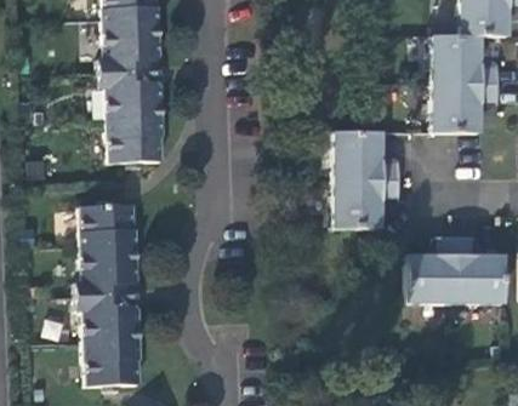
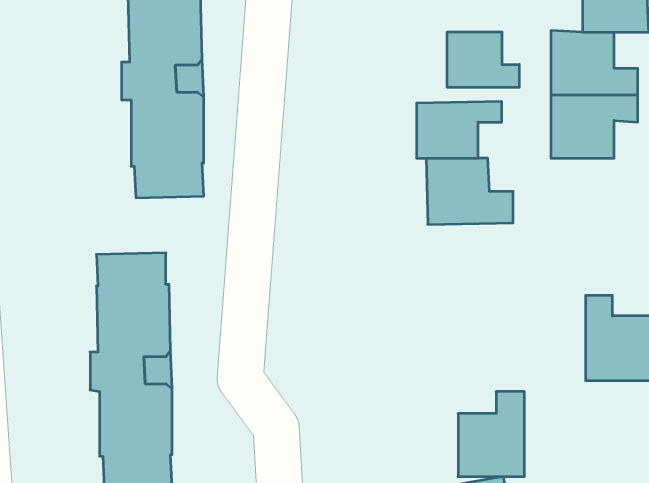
building: none -> [447,32,519,87]
building: [335,183,400,227] -> [417,102,502,158]
building: [405,239,456,304] -> [458,392,524,477]

